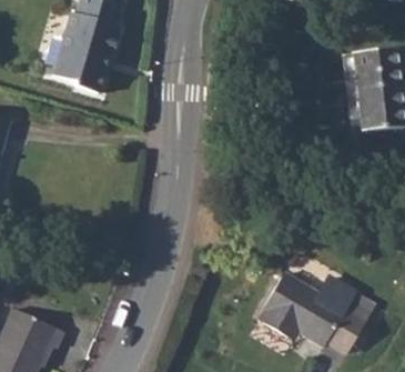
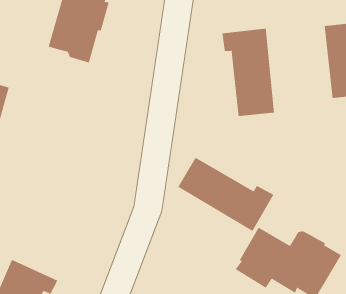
building: none -> [222,28,275,117]
building: none -> [177,157,274,232]

